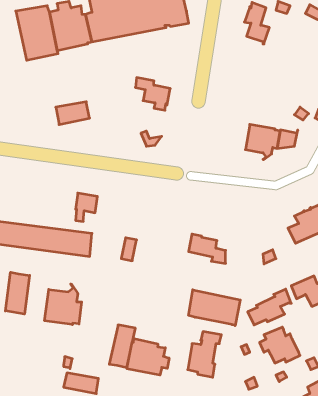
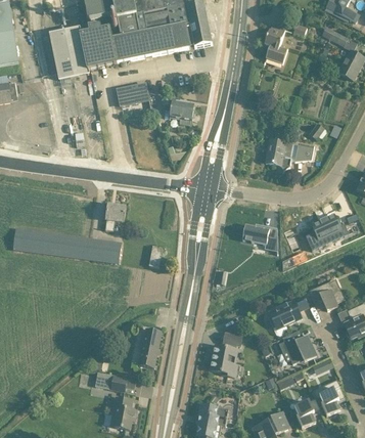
building: [56,102,90,125] -> [117,81,148,102]
building: [189,234,226,263] -> [242,223,277,251]
building: [5,272,30,314] -> none
building: [45,284,82,325] -> none
building: [189,290,240,326] -> none
building: [127,339,169,375] -> none

